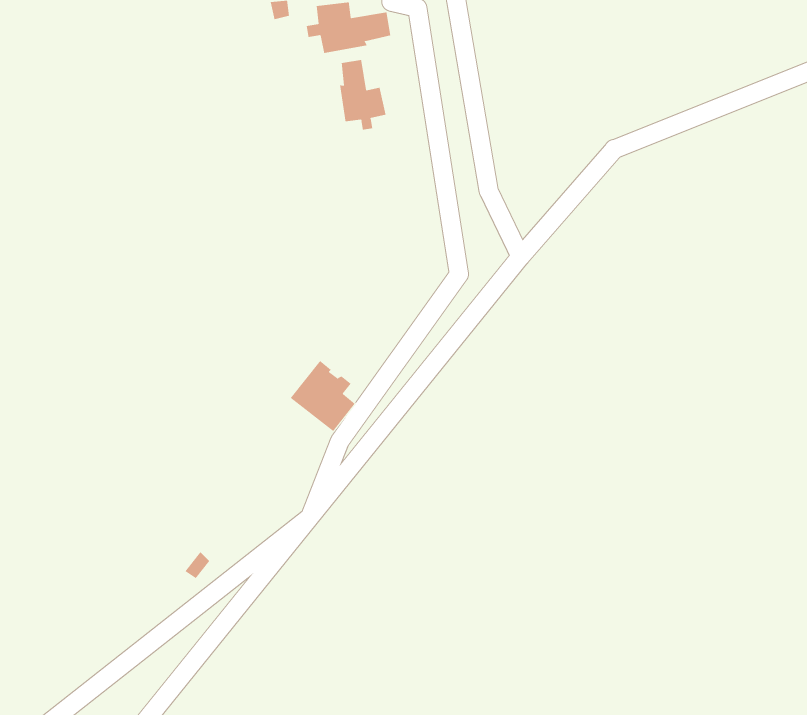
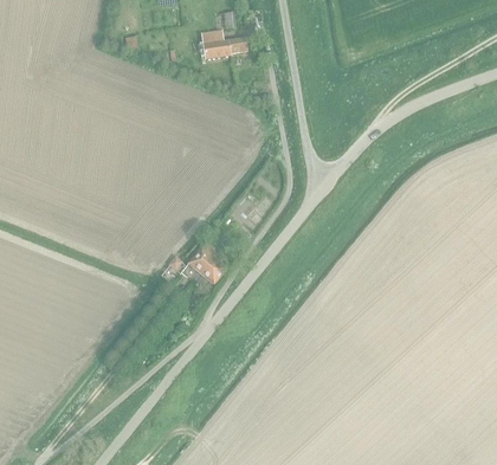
building: [340,59,386,130] -> none

